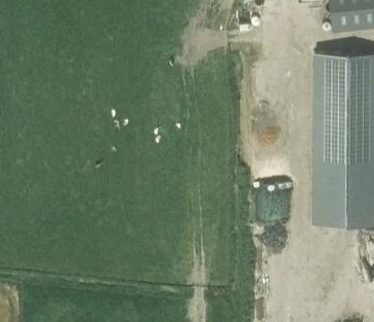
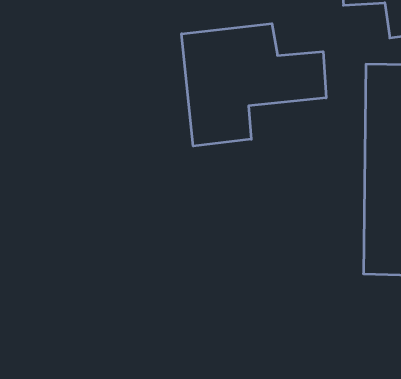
building: none -> [182,24,326,146]

